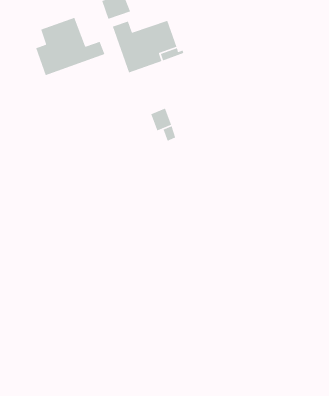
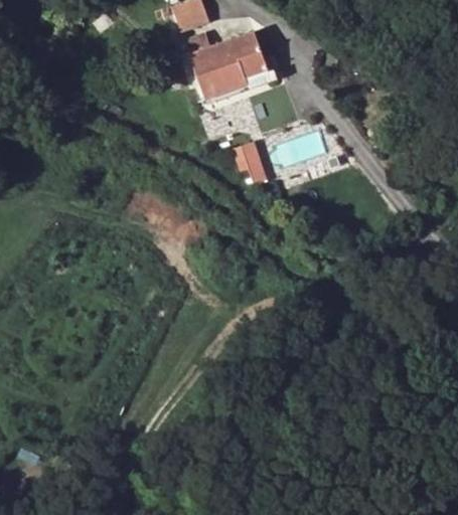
building: [35,17,105,76] -> none

